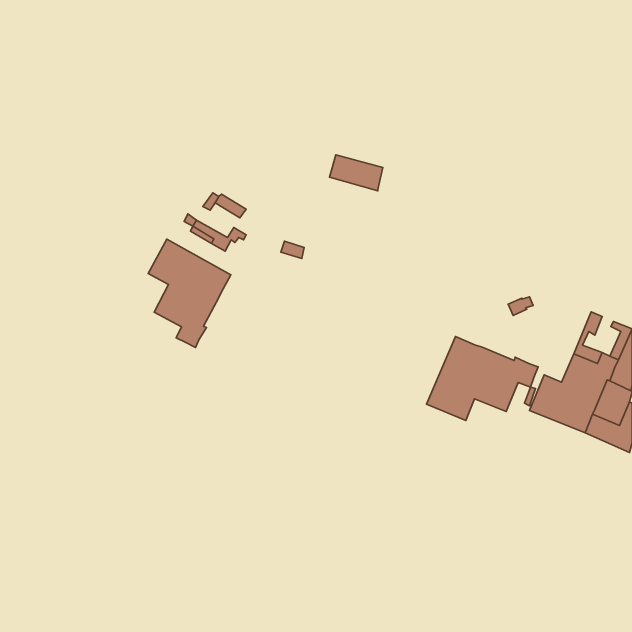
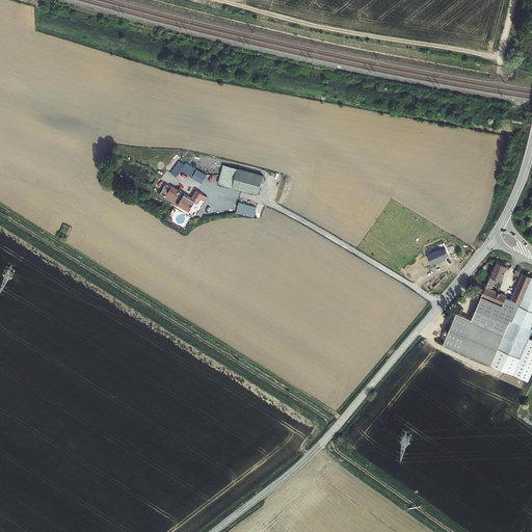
building: [330,155,383,191] -> [218,165,263,195]
building: [148,239,231,348] -> none
building: [427,336,538,420] -> none

